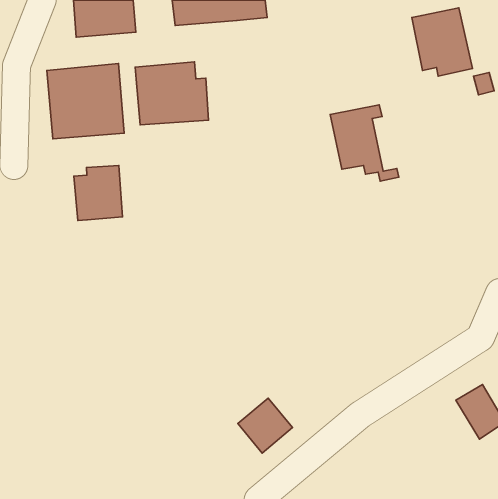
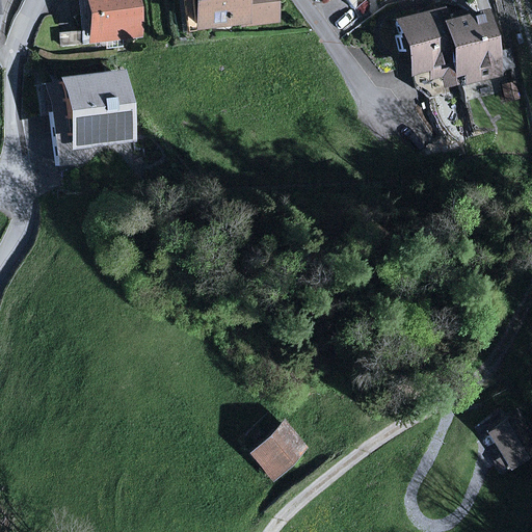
building: [135,62,209,125] -> none
building: [330,105,399,181] -> [395,5,468,86]
building: [74,165,122,221] -> none

